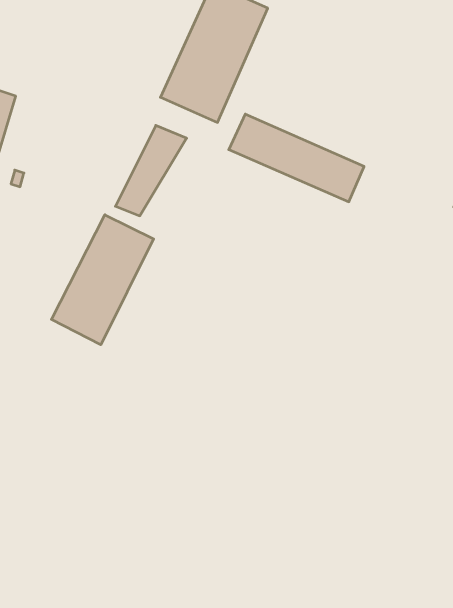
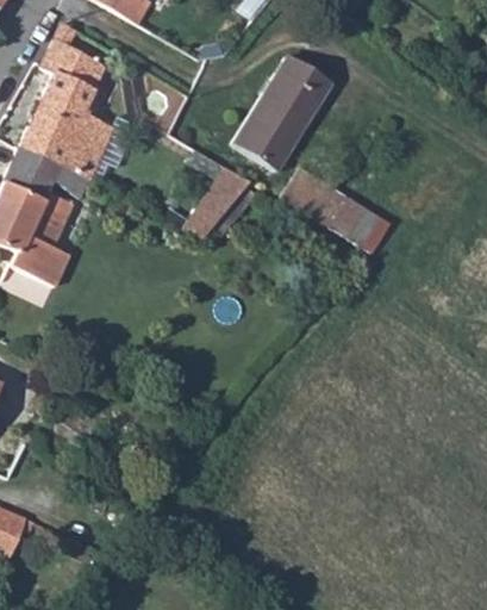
building: [51,215,154,345] -> none

